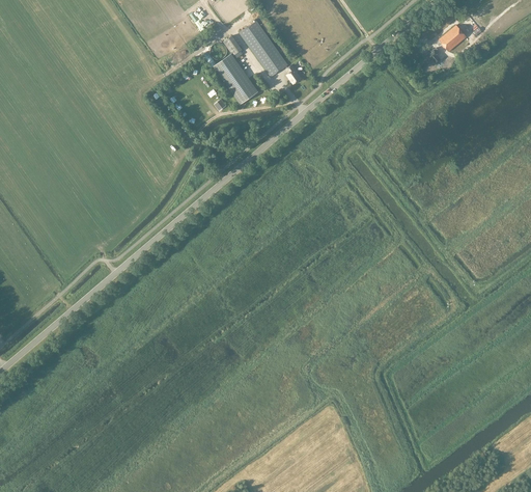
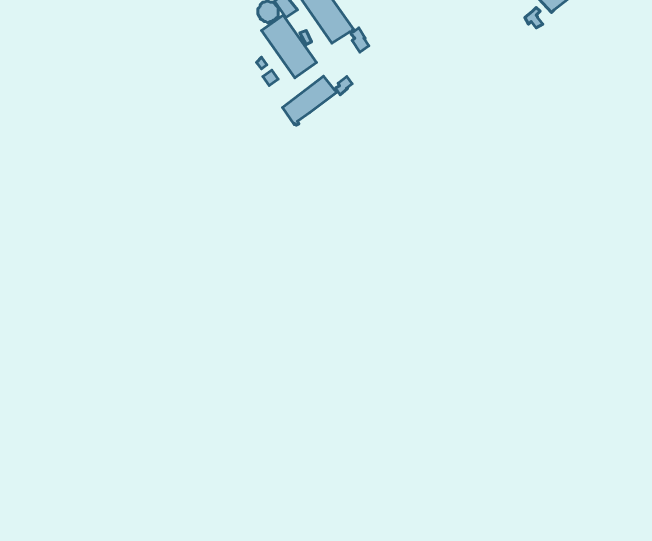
building: none -> [282,76,352,125]

